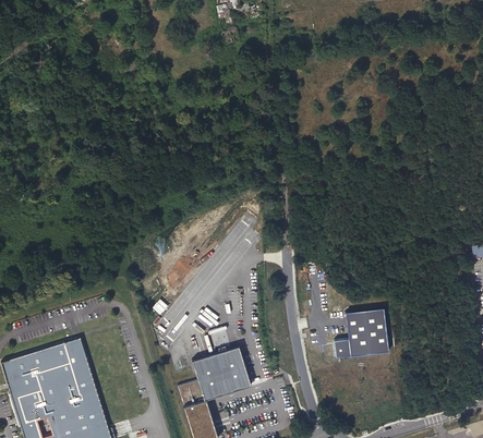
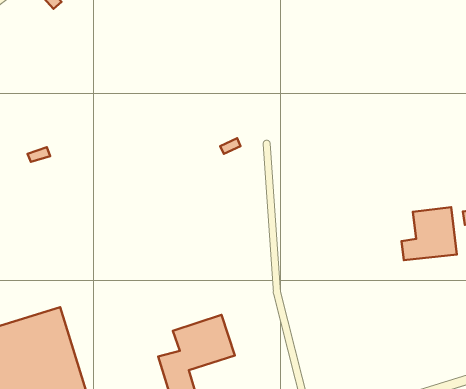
building: [334,307,387,358] -> [402,207,457,260]

